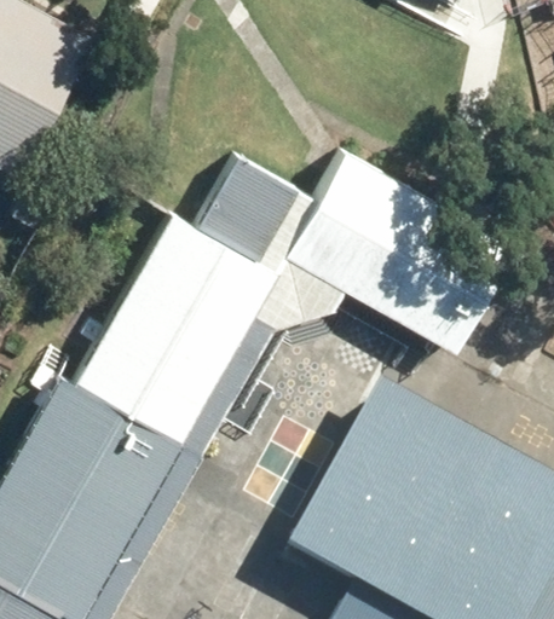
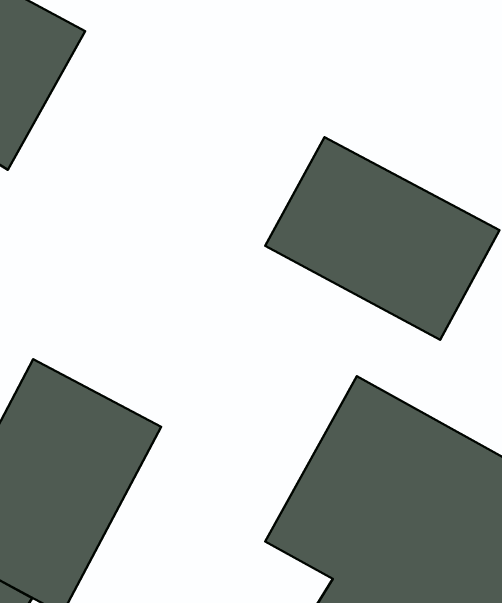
building: [75,212,272,439] -> none

